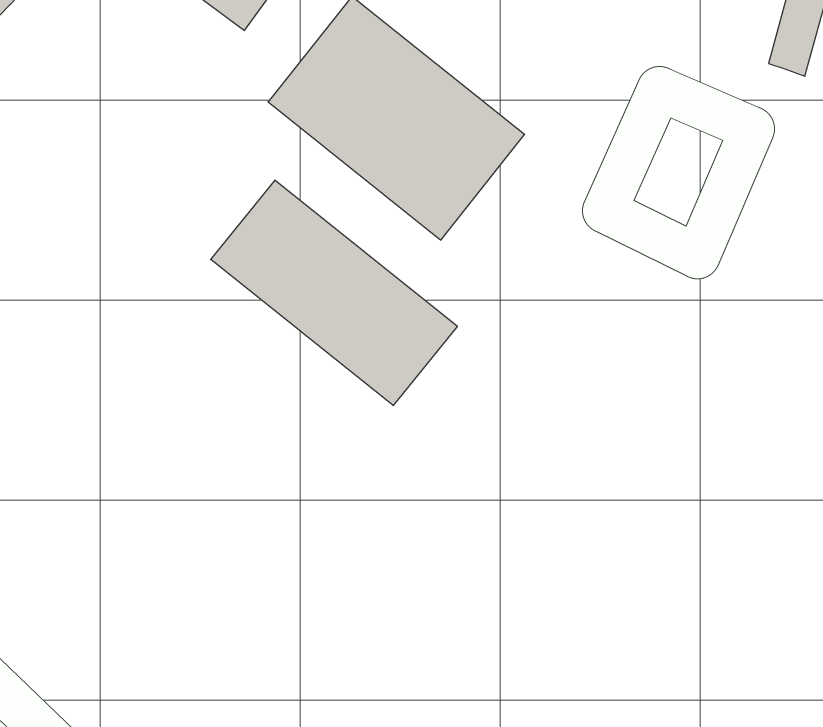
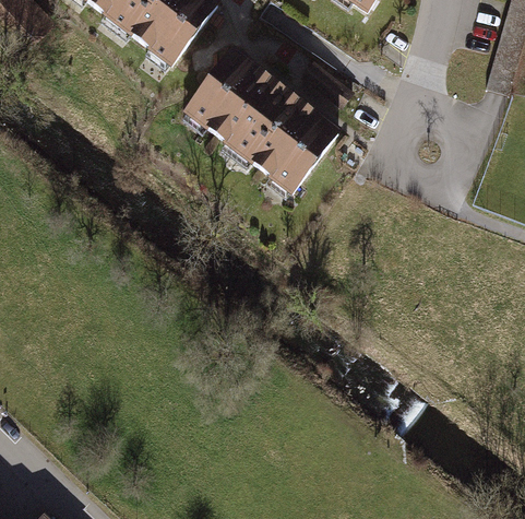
building: [211,180,457,406] -> none

